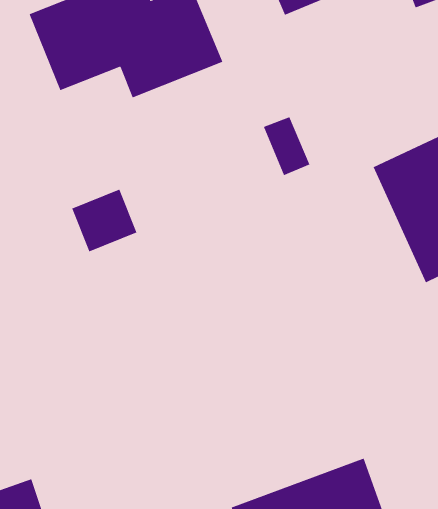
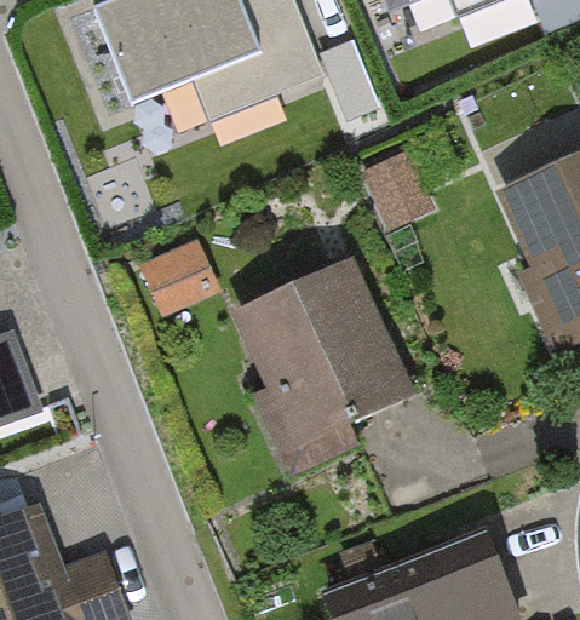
building: none -> [236,266,413,448]

